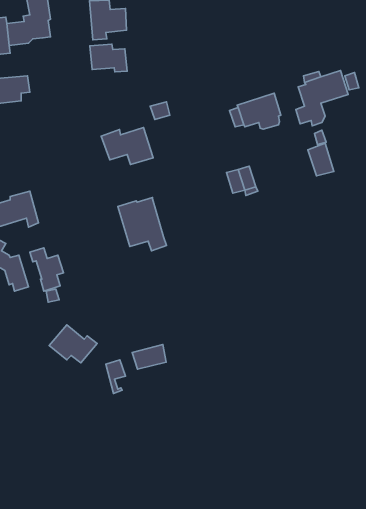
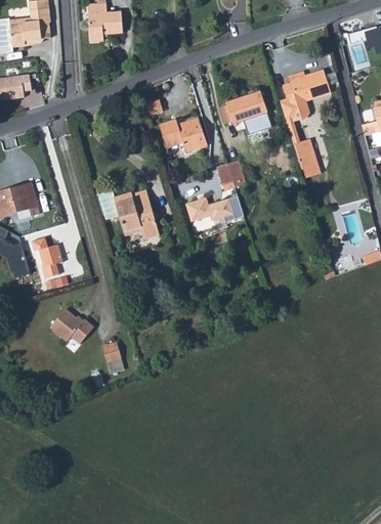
building: [90,44,127,72] -> none
building: [101,127,153,164] -> [159,117,208,151]
building: none -> [185,195,243,221]
building: [132,345,166,369] -> none

